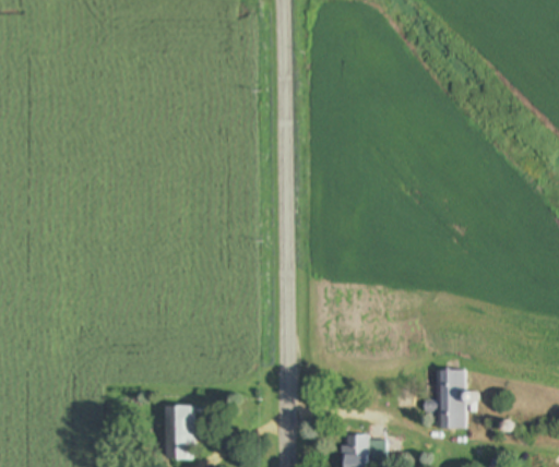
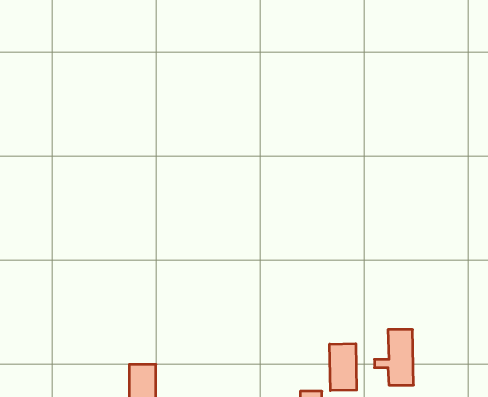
building: none -> [330,344,357,391]

